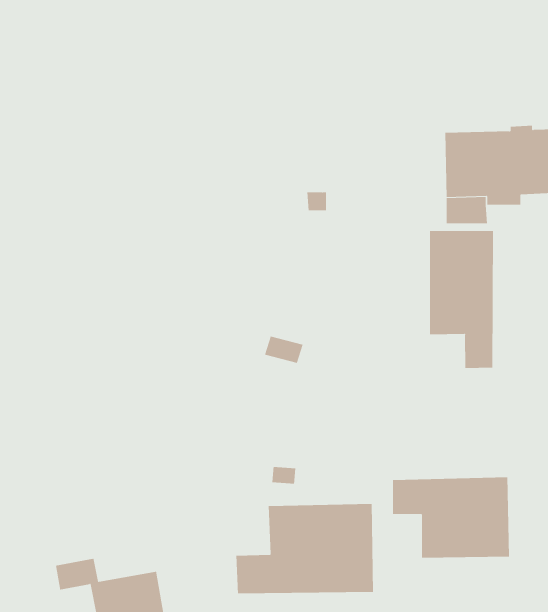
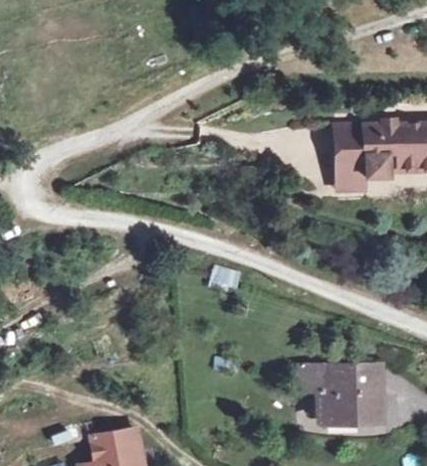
building: [429,230,494,369] -> none
building: [236,503,374,594] -> none

